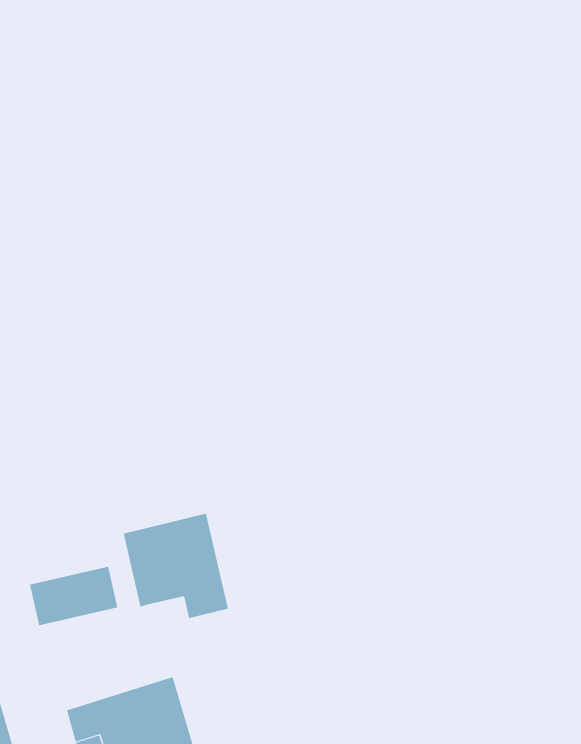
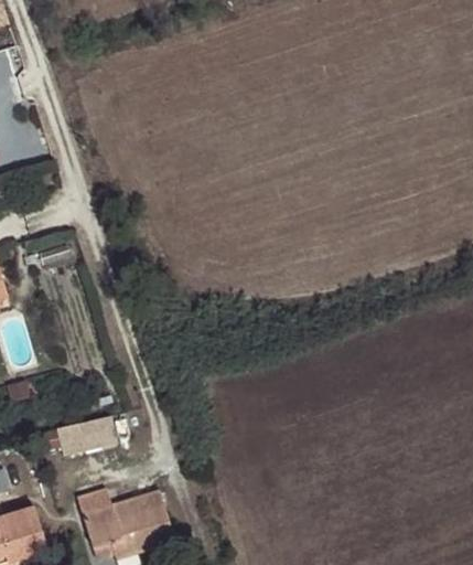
building: [123,513,228,619] -> none

